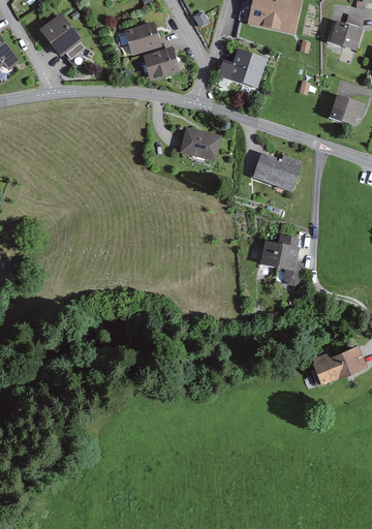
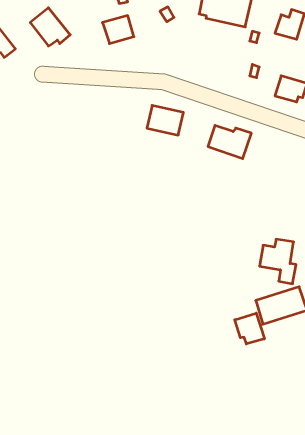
building: [143,45,180,80] -> none
building: [218,49,269,88] -> none
building: [260,232,304,285] -> [260,239,296,284]
building: none -> [235,313,264,344]

